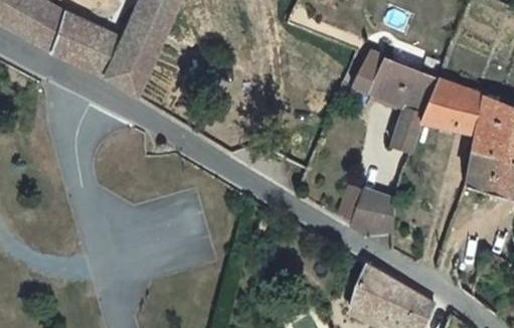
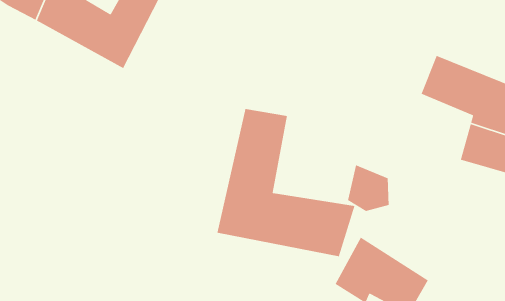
building: [353,55,438,158] -> none
building: none -> [216,108,355,257]

